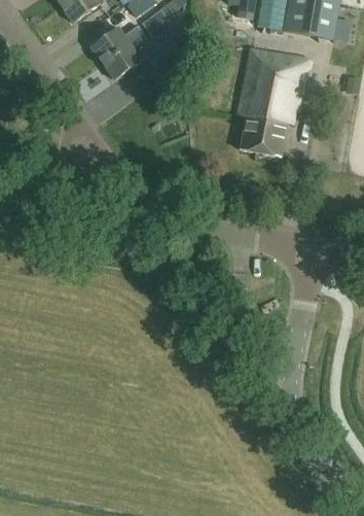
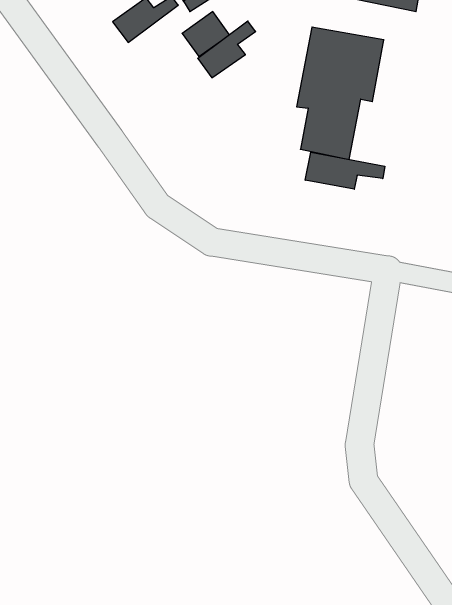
building: [103,32,149,77] -> [198,21,256,78]
building: none -> [305,152,385,189]

